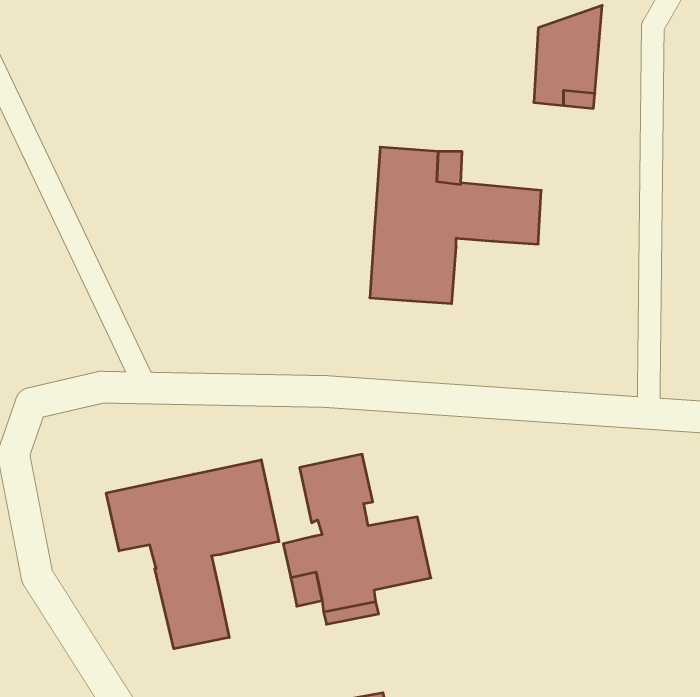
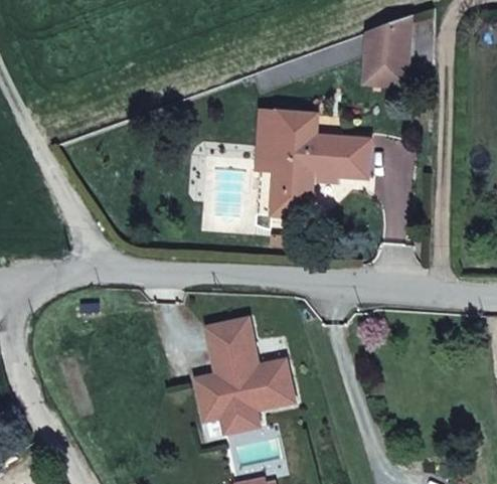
building: [106,460,279,649] -> none

